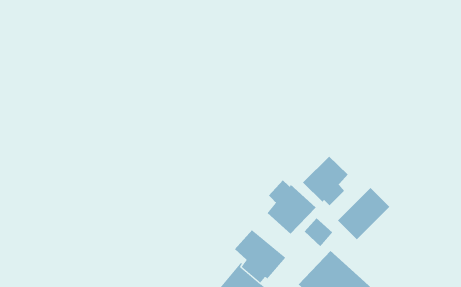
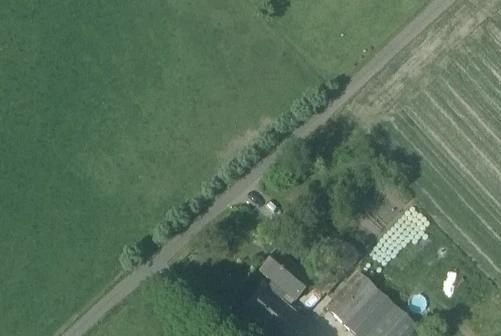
building: [302,156,349,206] -> none
building: [267,180,316,234] -> none

